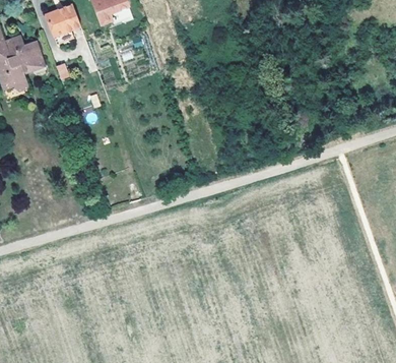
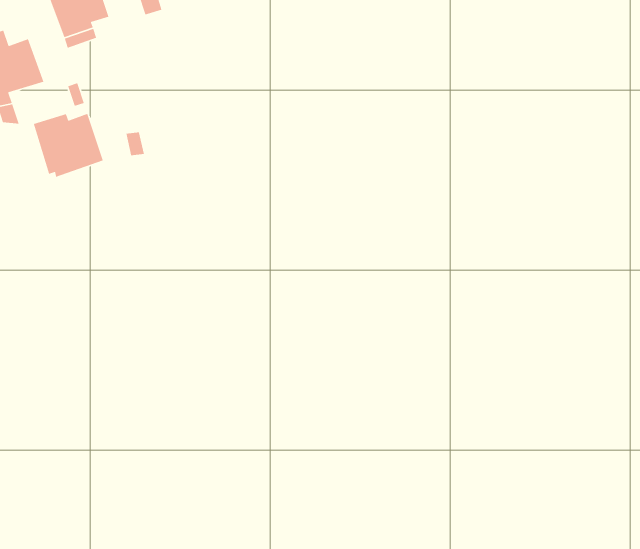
building: none -> [33,113,104,178]

